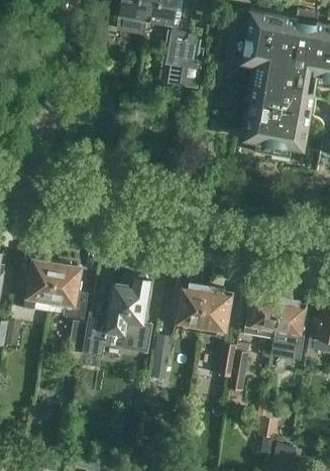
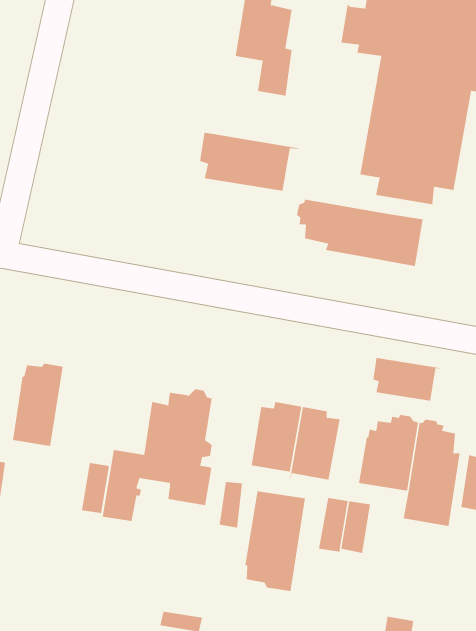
building: none -> [200,132,299,191]
building: none -> [297,199,423,267]
building: none -> [373,357,442,401]
building: [48,260,86,318] -> none
building: none -> [245,491,305,592]

